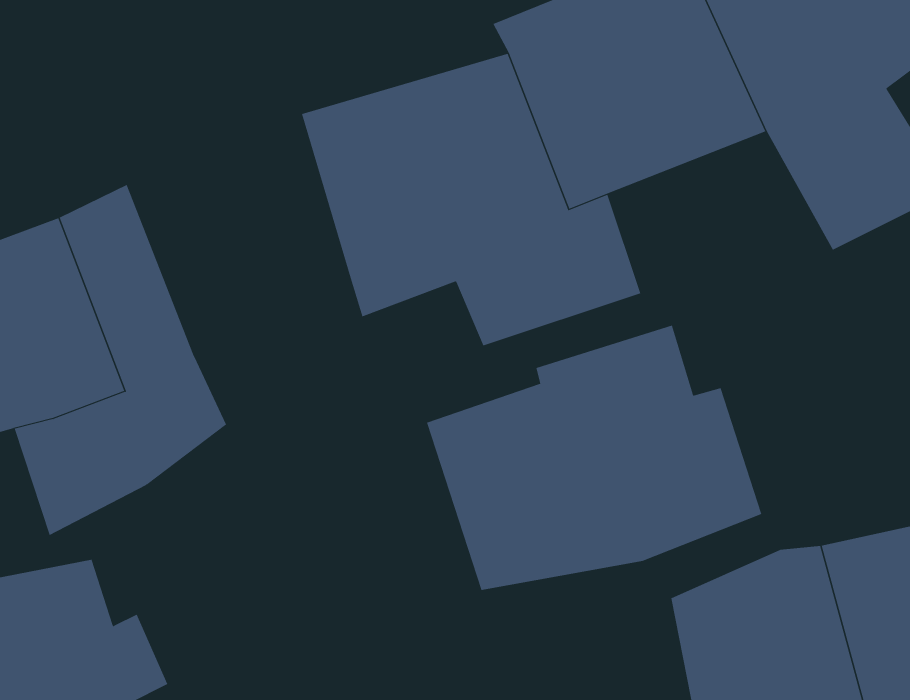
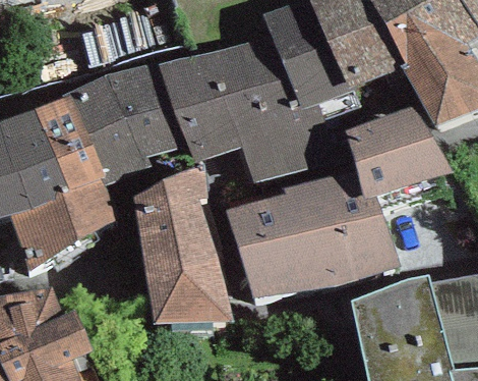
building: none -> [64,61,184,195]
building: none -> [342,112,451,212]
building: none -> [131,181,231,345]

